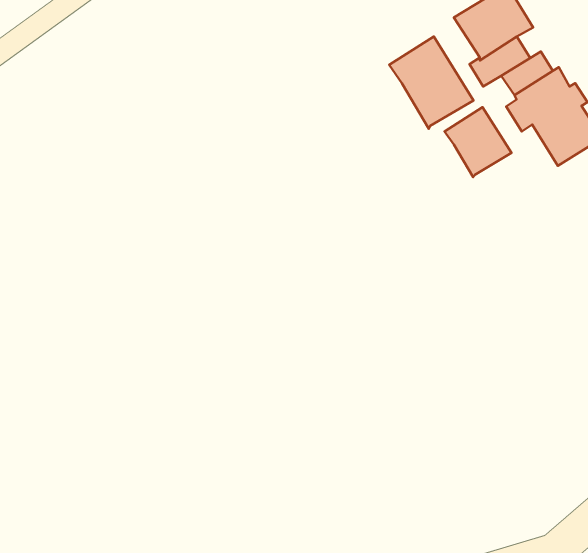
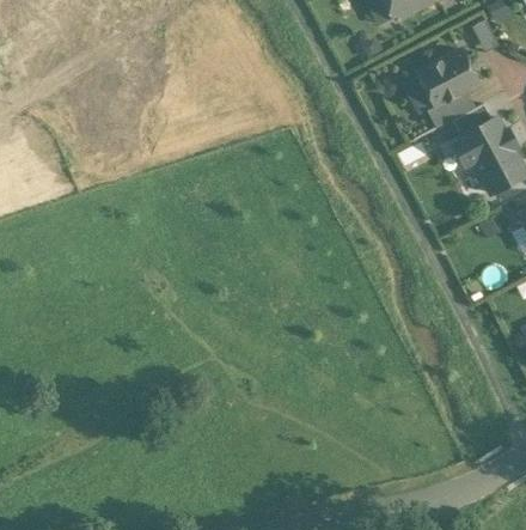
building: [389,37,473,129] -> none
building: [444,107,511,177] -> none

